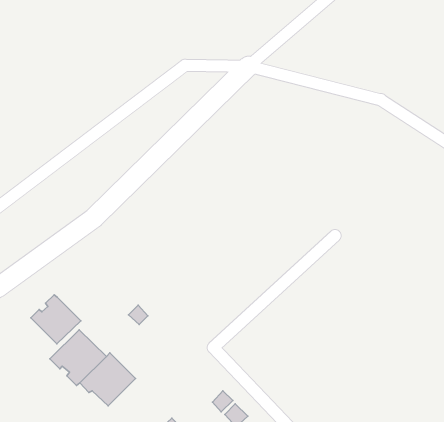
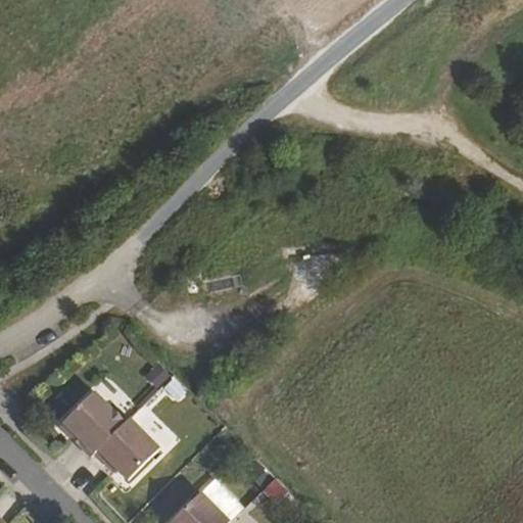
building: [31,295,81,344] -> none

